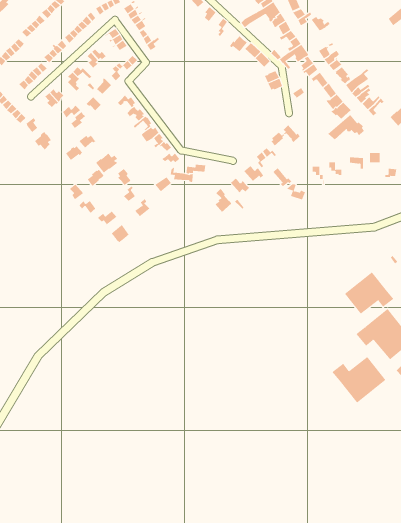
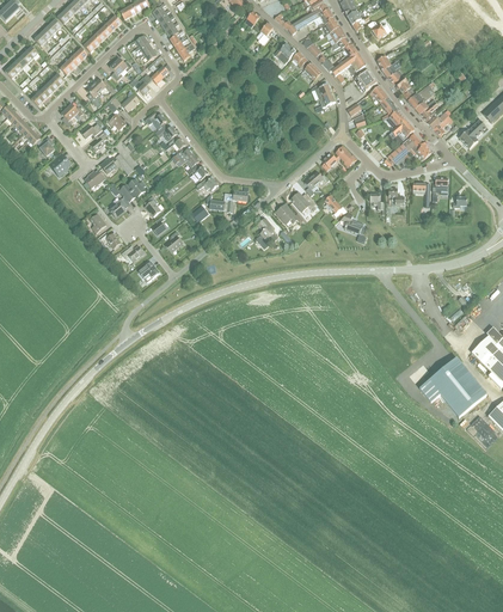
building: [344,271,394,315] -> none
building: [332,356,386,404] -> none

